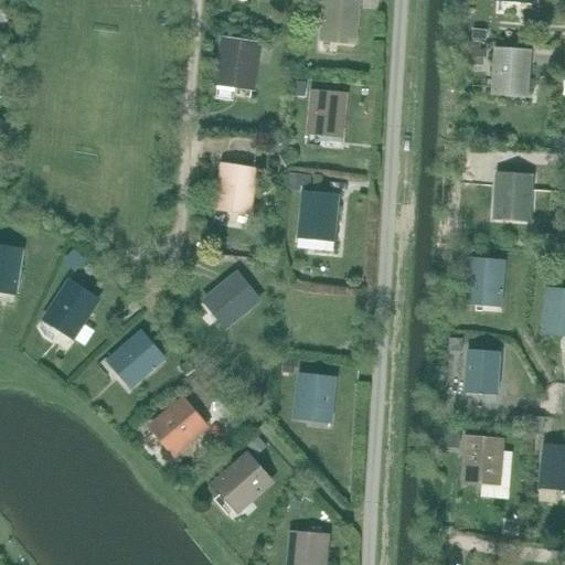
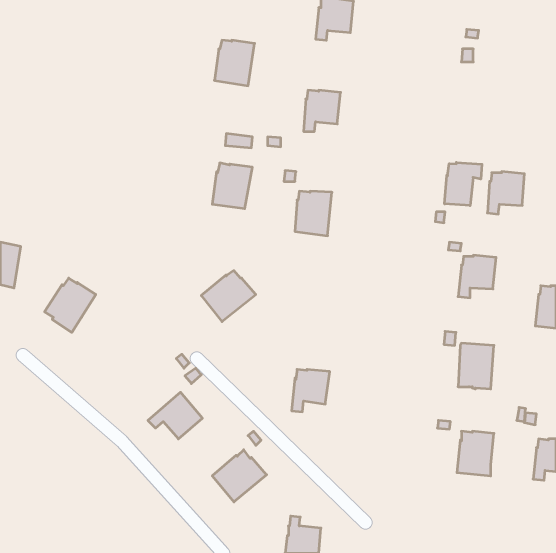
building: [492,50,530,93] -> none
building: none -> [445,162,482,206]
building: [108,333,163,386] -> none

